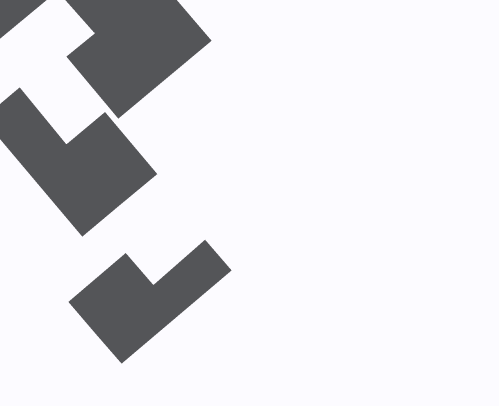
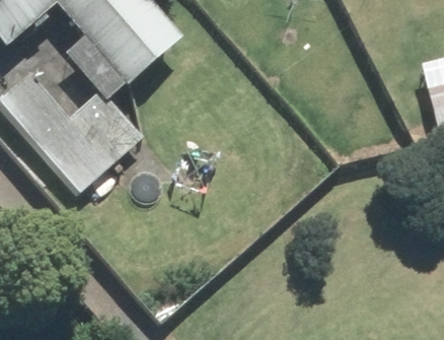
building: [67,238,233,365] -> none

